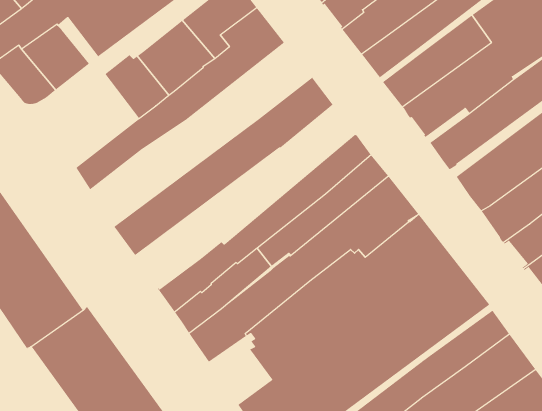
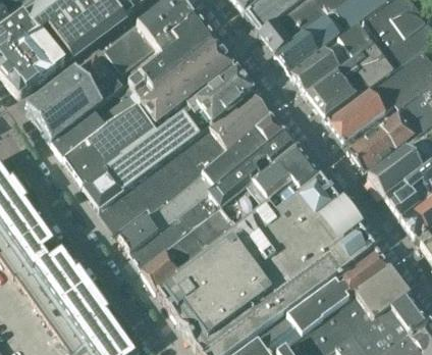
building: none -> [73,52,246,195]
building: none -> [39,77,111,149]
building: none -> [109,100,279,240]
building: none -> [168,284,214,333]

